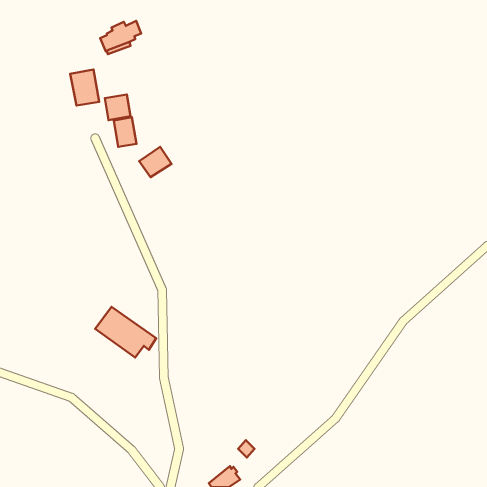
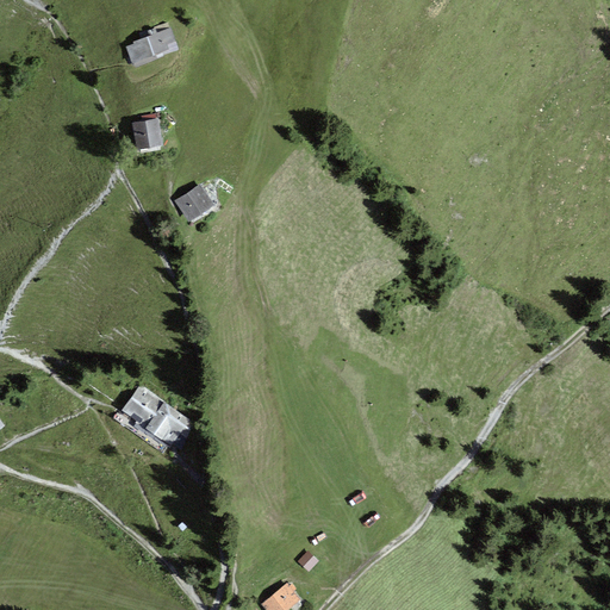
building: [70,70,99,105] -> none
building: [114,117,136,147] -> none

